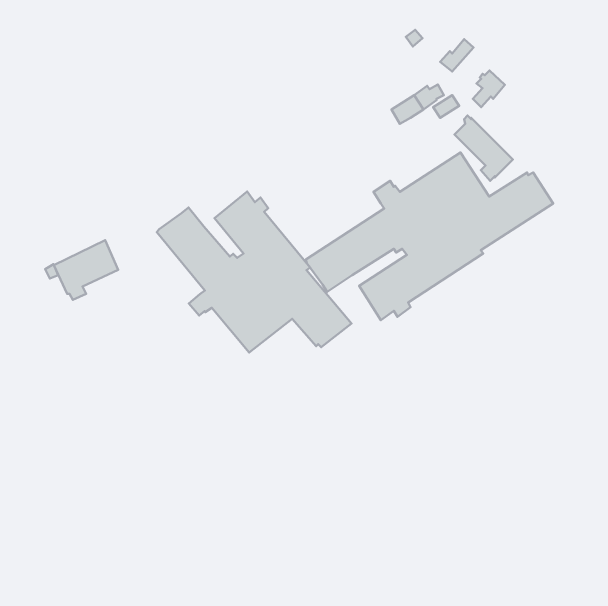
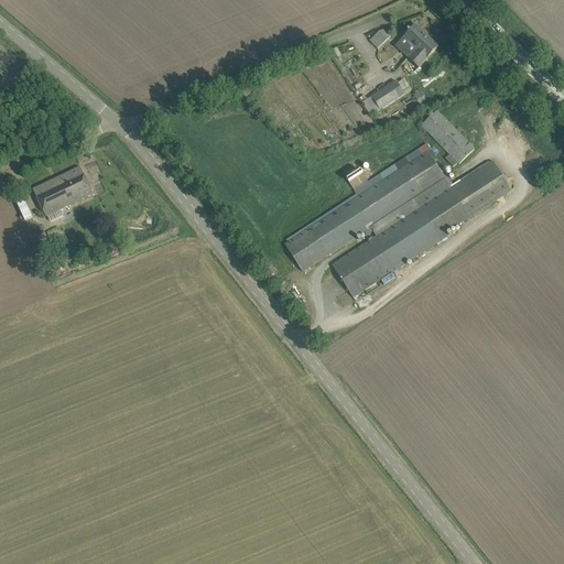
building: [473,70,505,107] -> [400,23,430,57]
building: [157,192,352,353] -> none
building: [54,240,118,300] -> [33,165,93,220]

